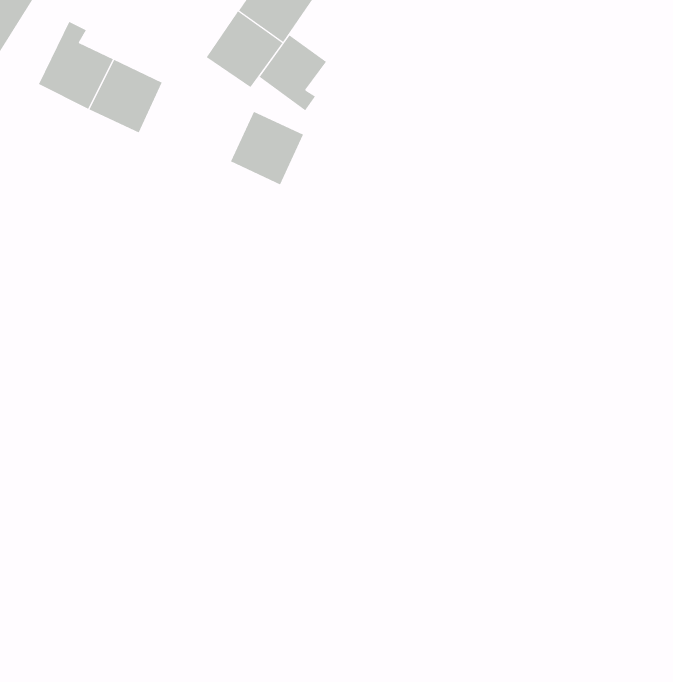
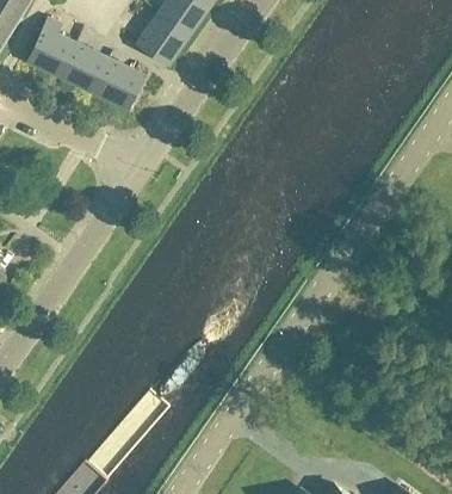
building: [259,34,327,111] -> none
building: [230,111,304,185] -> [94,58,143,107]

